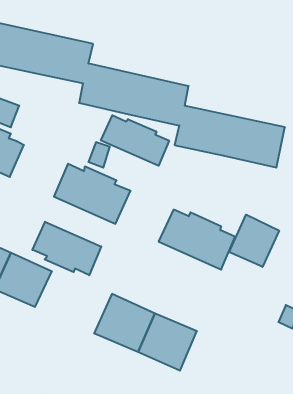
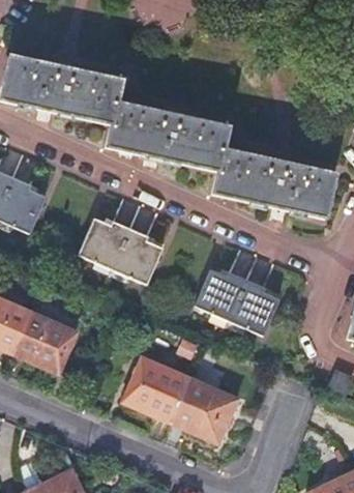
building: [101,115,169,166] -> none
building: [229,215,279,267] -> none
building: [32,222,101,275] -> none

